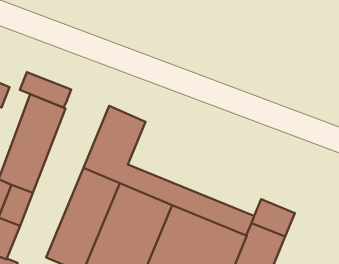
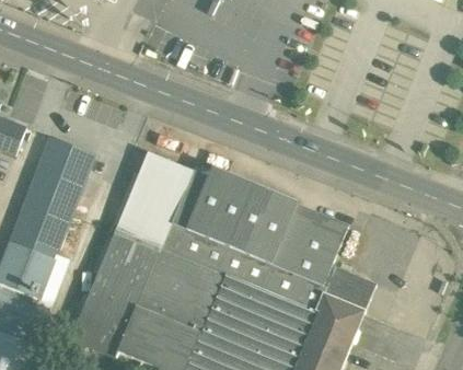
building: [20,72,71,108] -> none
building: none -> [170,167,347,286]

